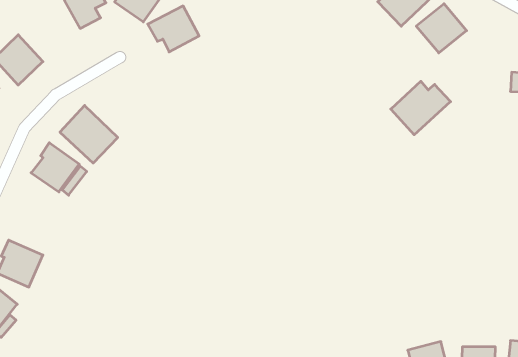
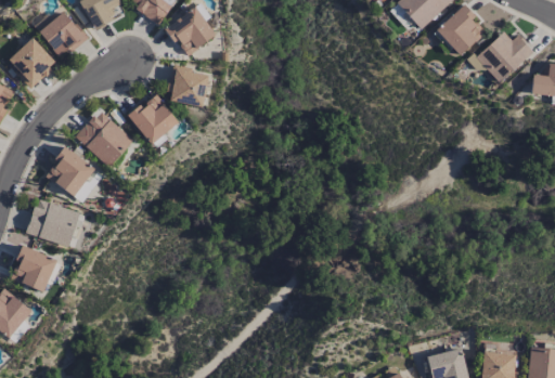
building: none -> [39,11,87,60]
building: none -> [167,66,209,107]
building: [391,81,451,135] -> [474,31,534,86]
building: none -> [128,94,179,145]
building: none -> [26,199,80,247]

